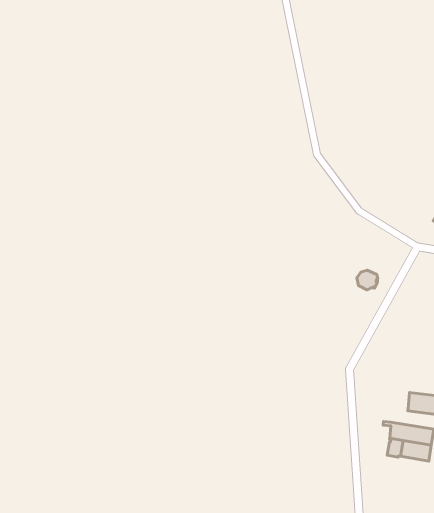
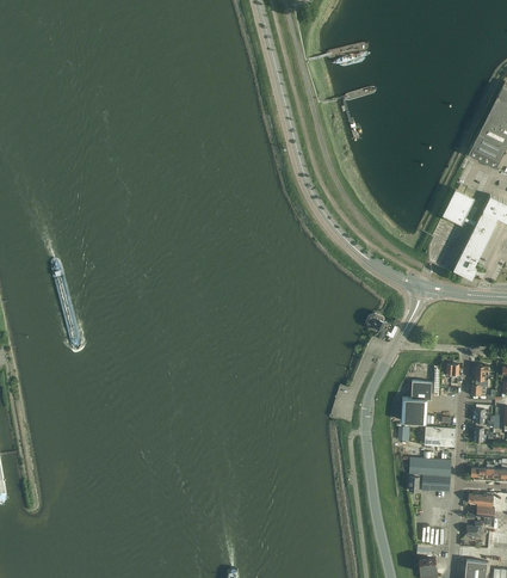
building: none -> [401,381,432,423]

